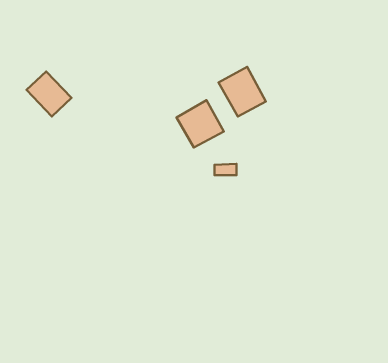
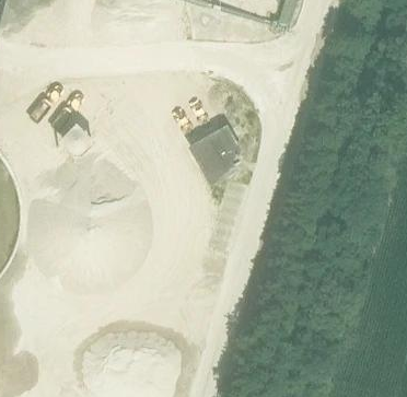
building: [219,67,266,116] -> none

